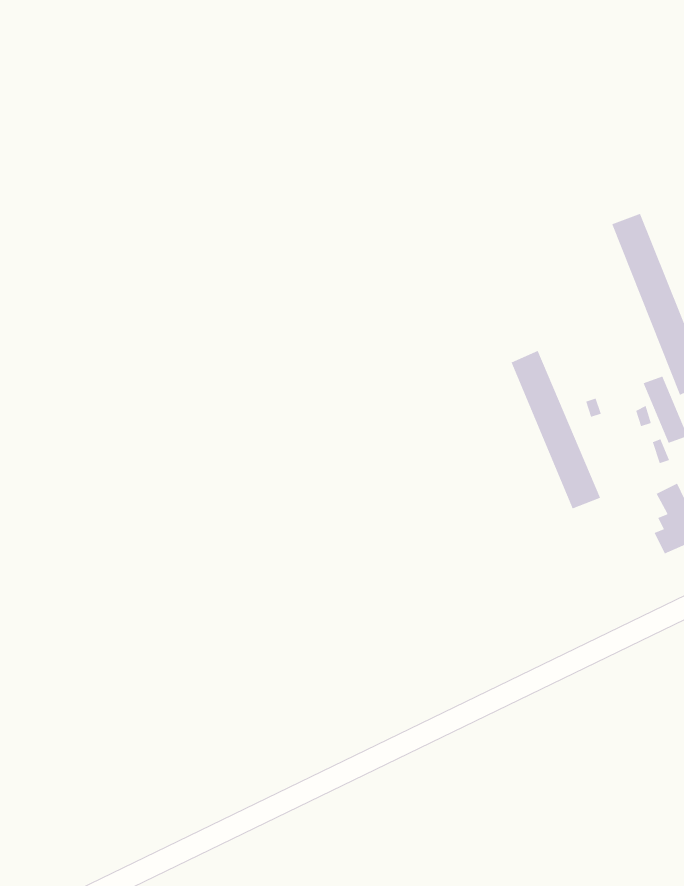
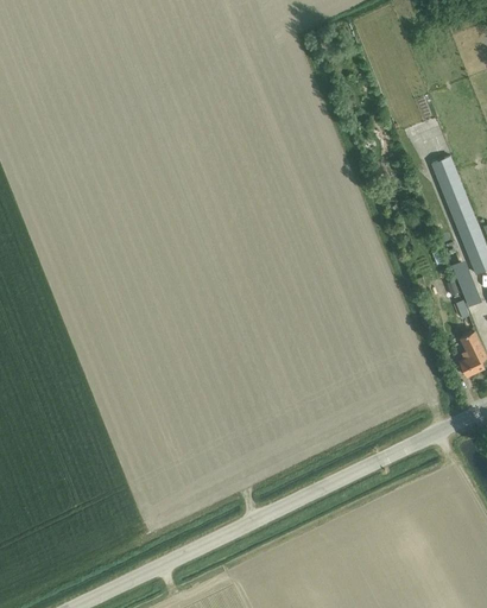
building: [510,350,601,510] -> none

